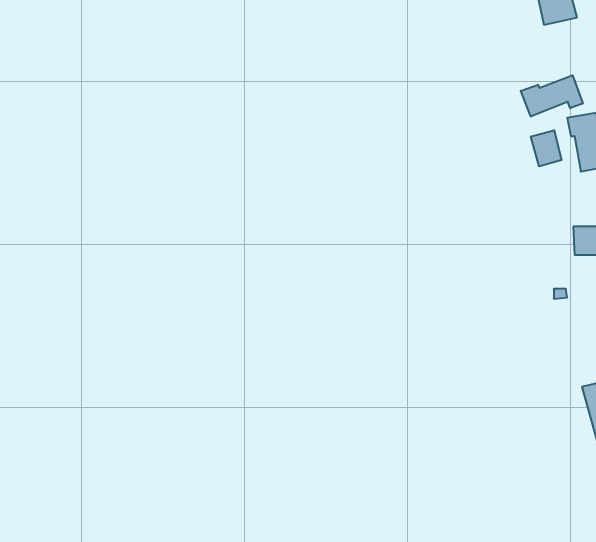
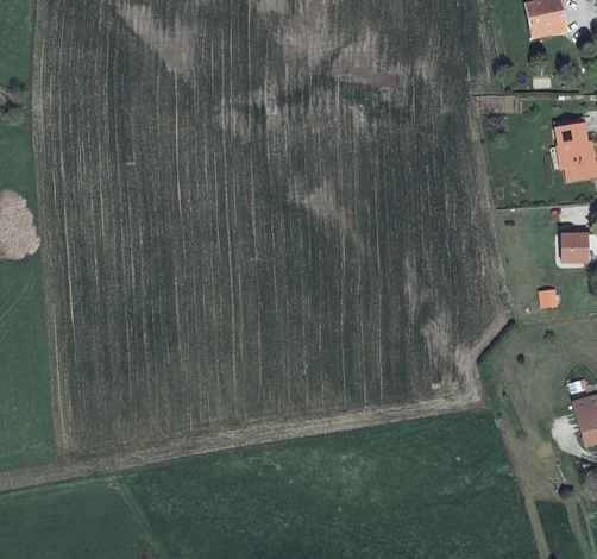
building: [521,75,583,117] -> none
building: [531,130,561,166] -> none

